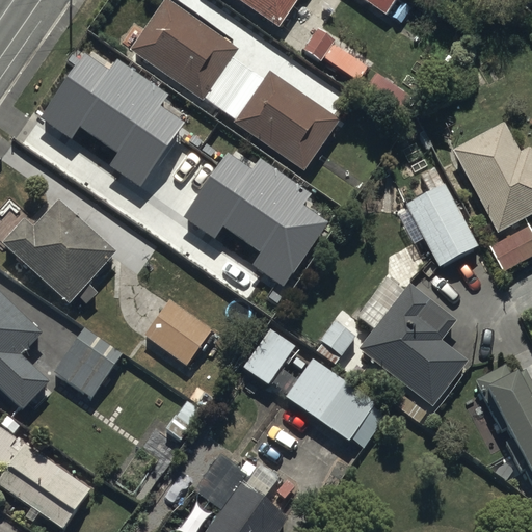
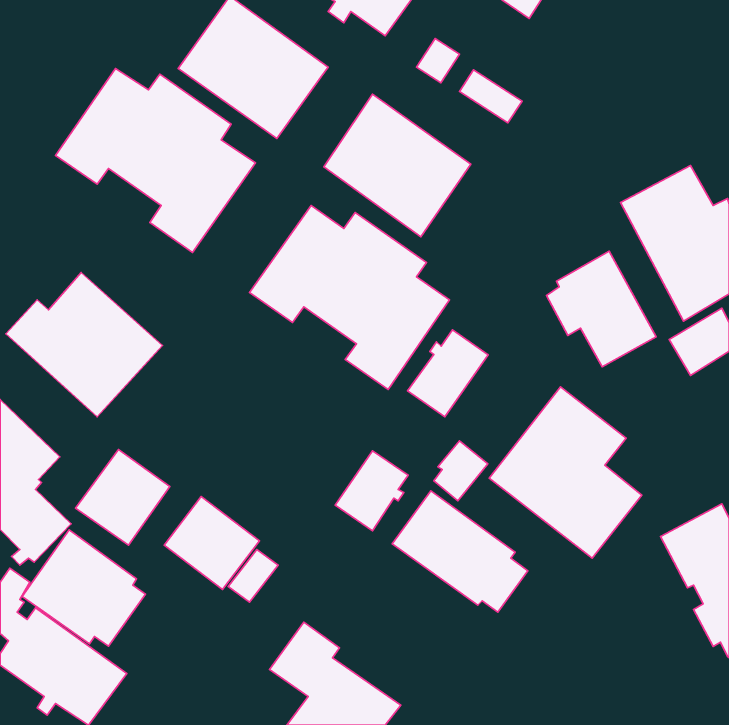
building: none -> [407,330,488,417]
building: [144,299,214,367] -> [164,497,260,589]
building: none -> [22,530,145,646]

